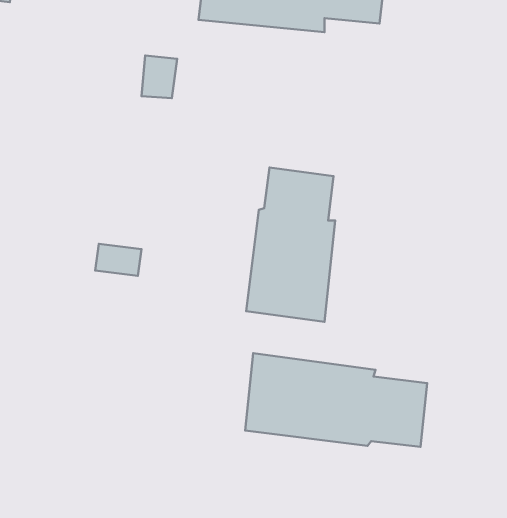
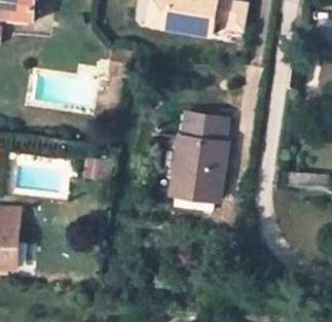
building: [245,353,427,447] -> none

